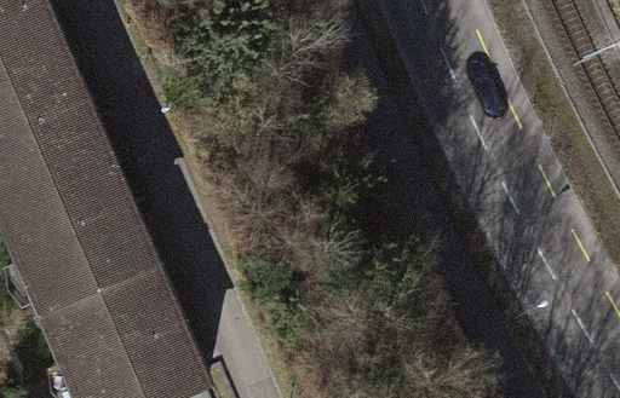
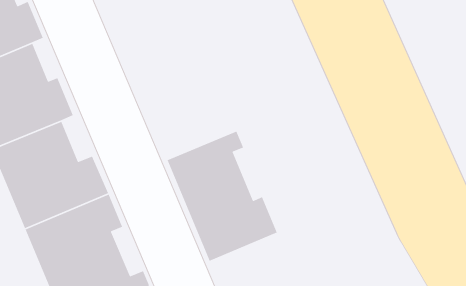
building: none -> [167,130,278,262]

